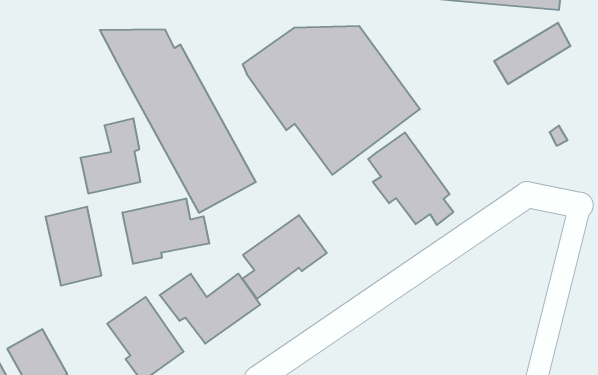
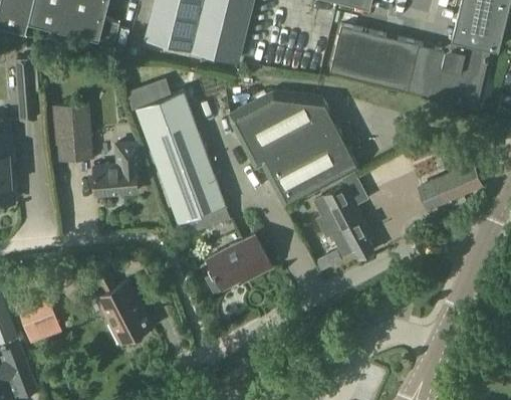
building: [494,23,571,84] -> [420,167,480,208]
building: [122,198,209,264] -> none
building: [45,207,101,286] -> [55,105,91,162]
building: [160,274,260,344] -> none

